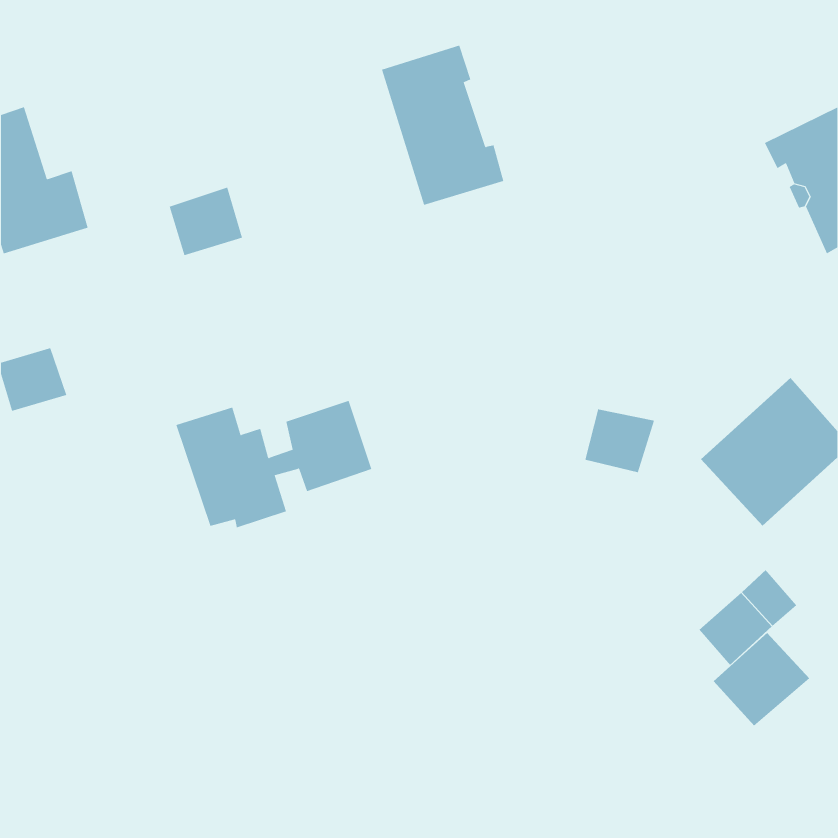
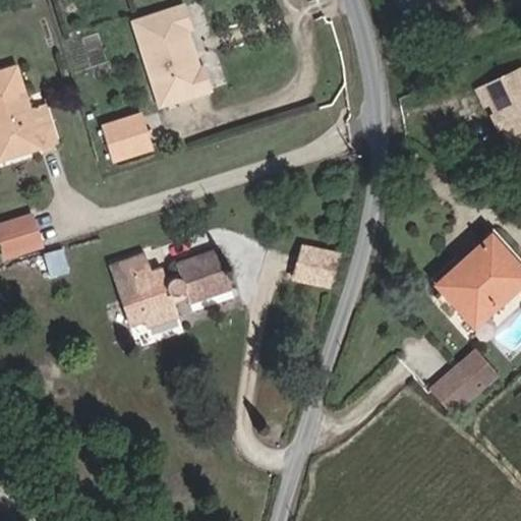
building: [381,45,504,206] -> [133,6,210,106]
building: [584,409,655,473] -> [294,246,338,286]
building: [713,632,810,727] -> none

